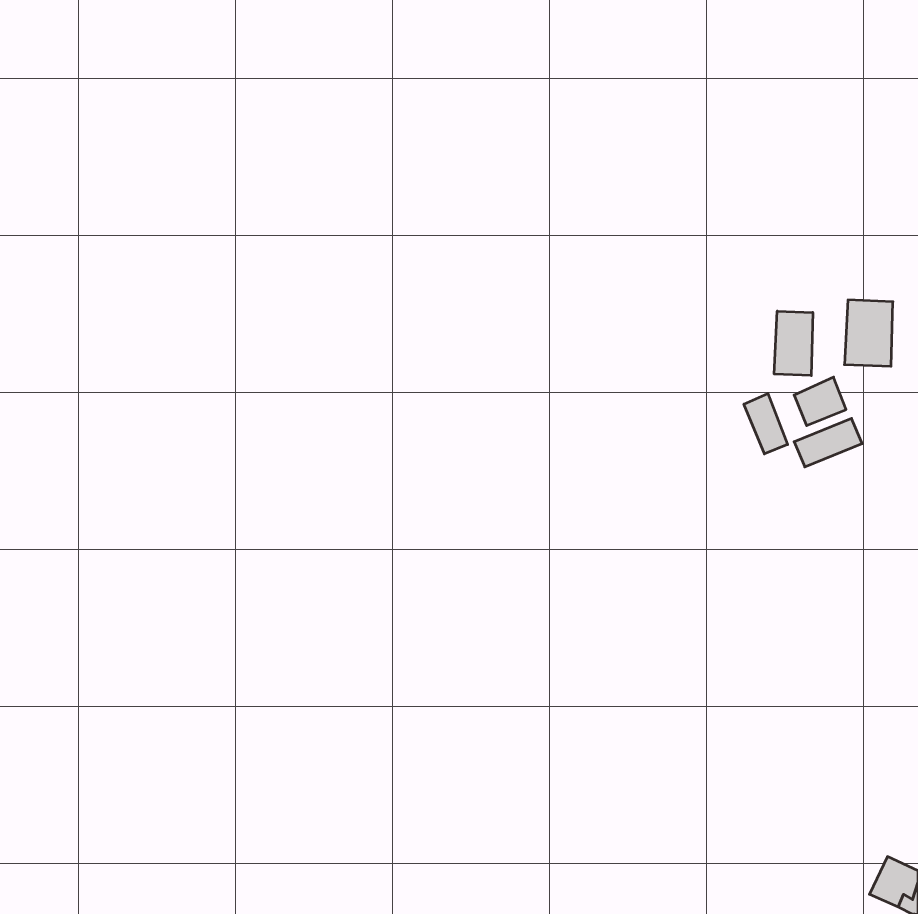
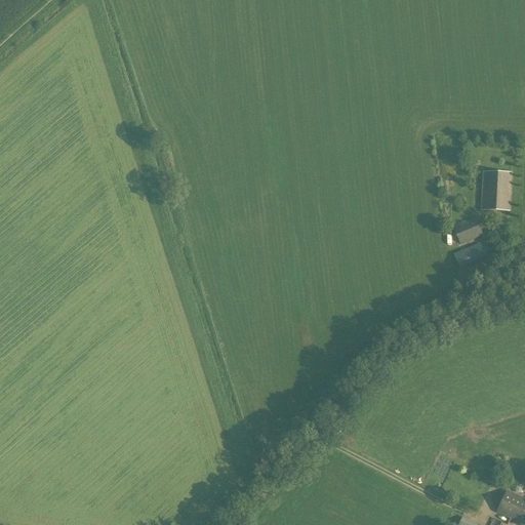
building: [774,311,813,376] -> none
building: [744,393,788,454] -> none

